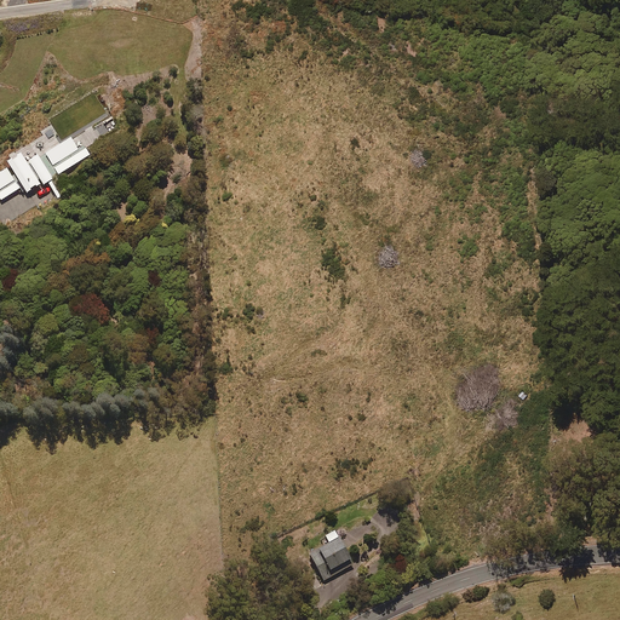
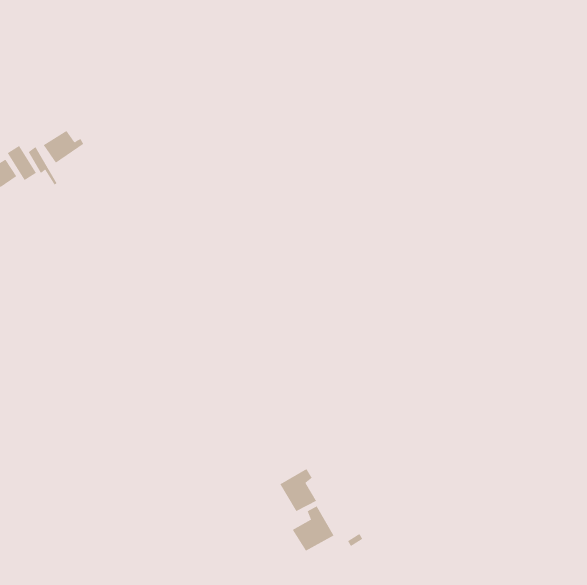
building: none -> [280,468,317,512]

